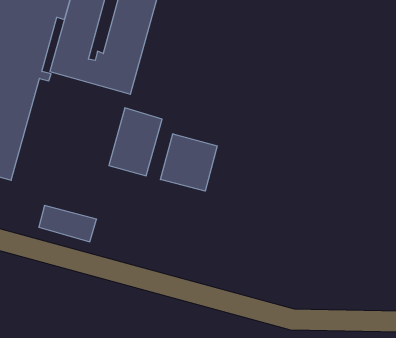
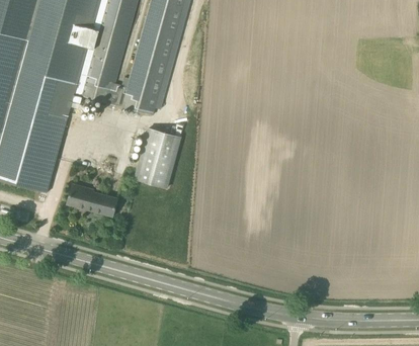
building: [160,134,217,191] -> none
building: [39,206,97,242] -> [68,184,119,217]

